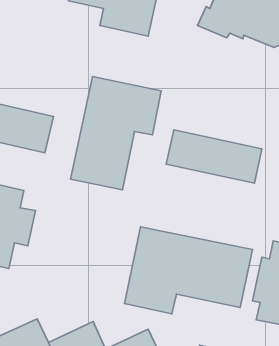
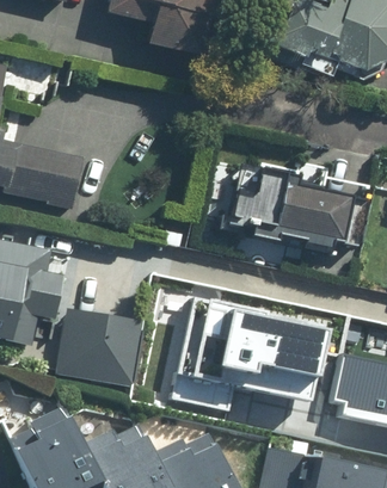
building: [71,77,161,190] -> none
building: none -> [57,307,142,385]

